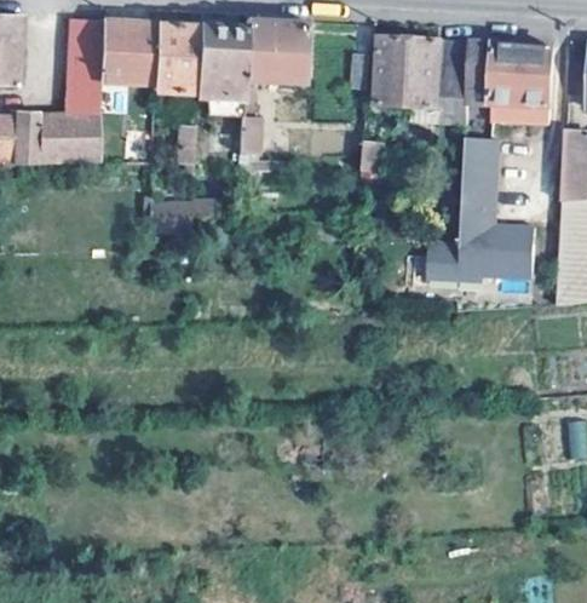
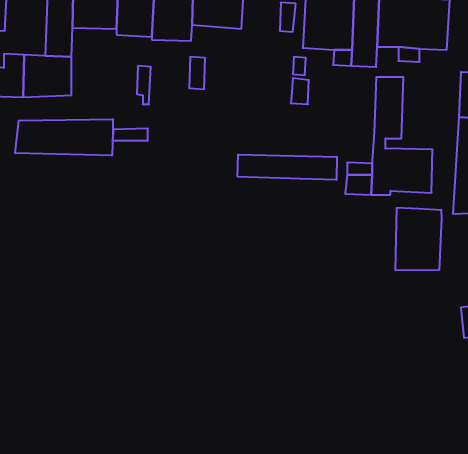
building: none -> [15,119,113,156]
building: none -> [238,154,337,180]
building: none -> [396,208,442,270]

